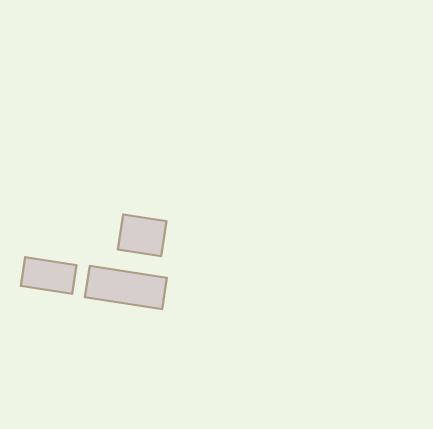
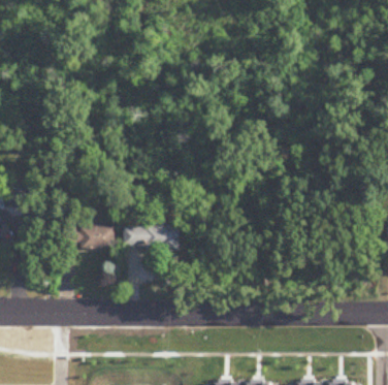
building: [118,215,166,256] -> none

